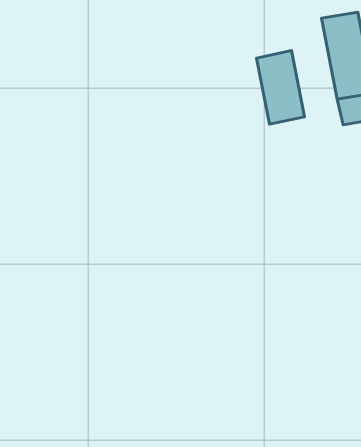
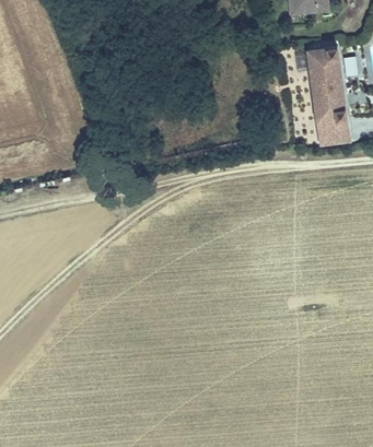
building: [257,51,304,124] -> none

